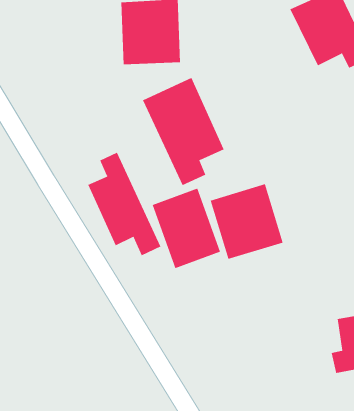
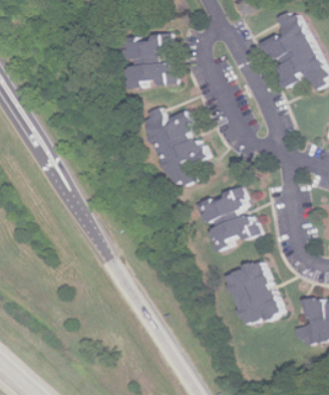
building: [87,152,161,256] -> none
building: [152,188,221,269] -> [226,259,283,327]

